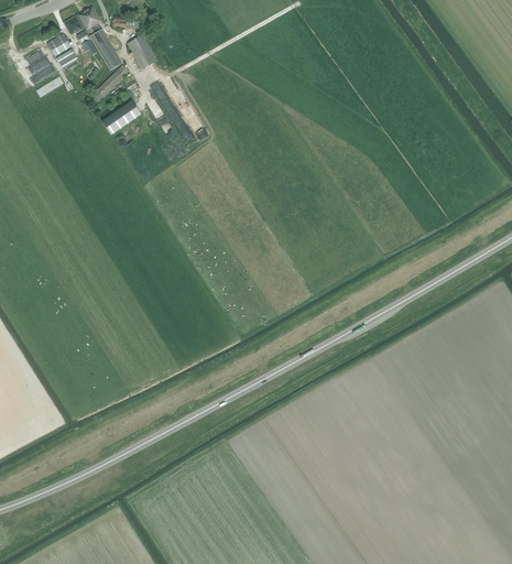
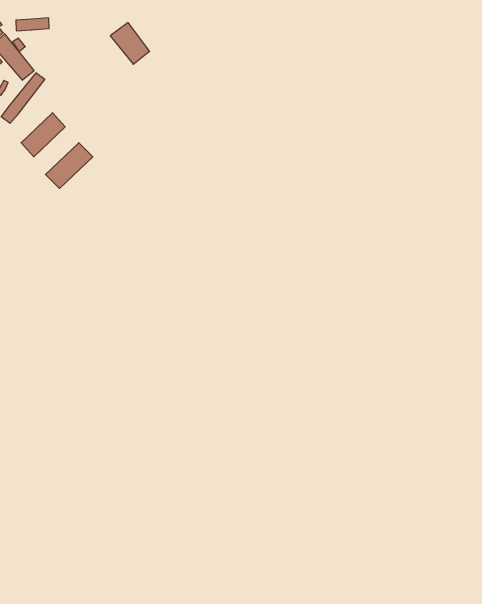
building: [127,34,157,69] -> [110,23,150,64]
building: none -> [45,143,93,188]

